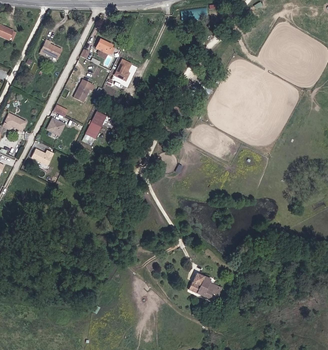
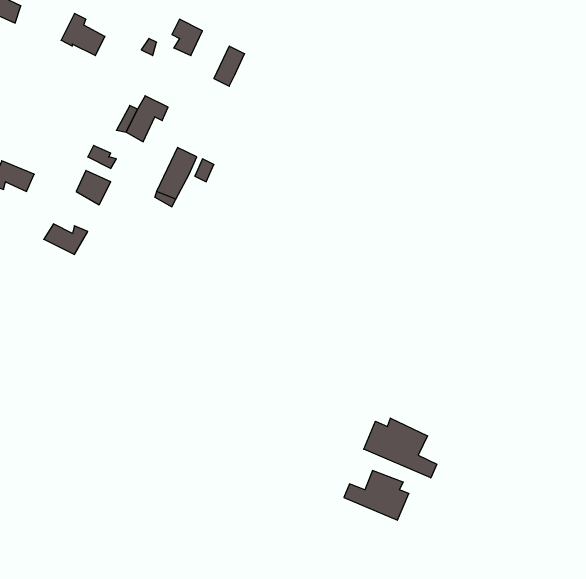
building: none -> [364,418,437,478]

